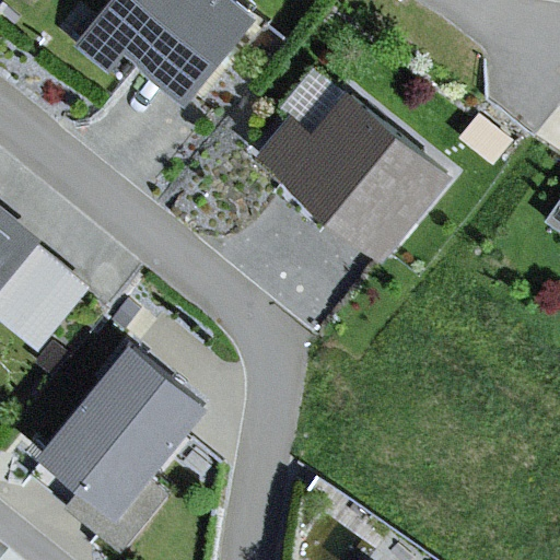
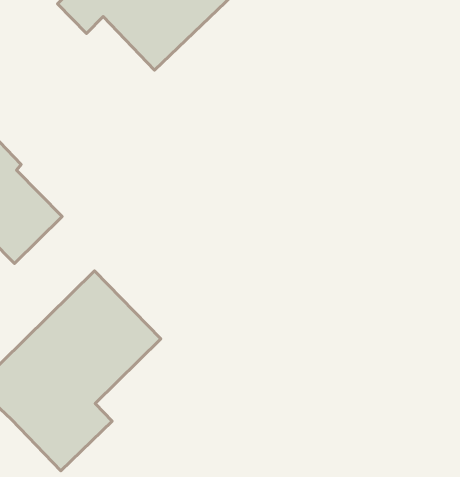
building: [254,93,444,260] -> none

